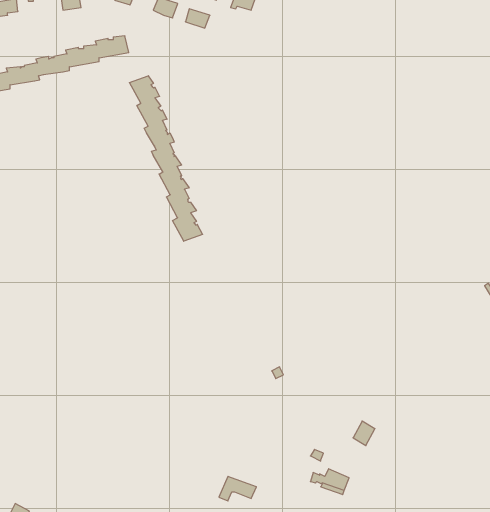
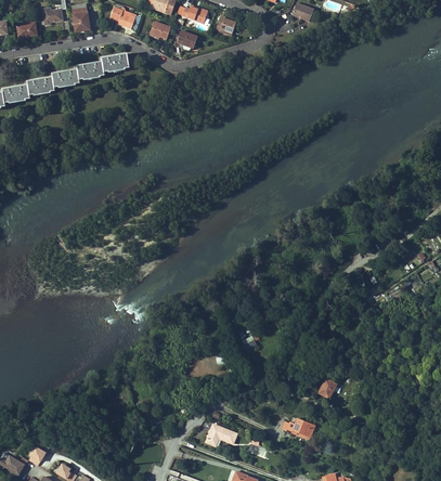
building: [129,76,203,241] -> none

